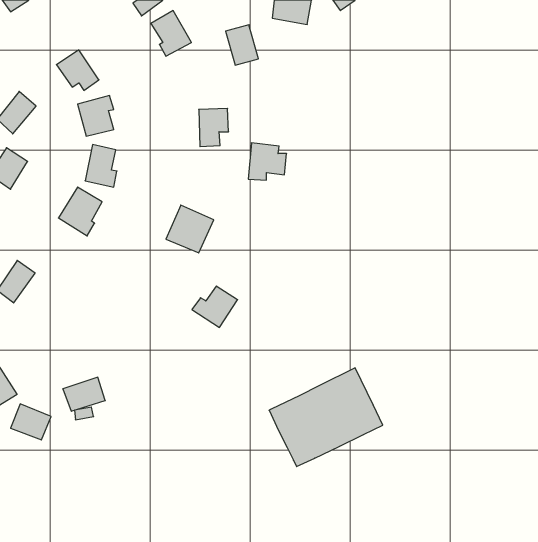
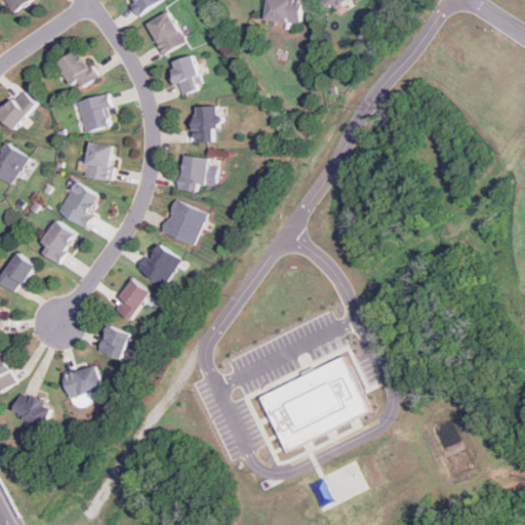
building: [226,25,258,65] -> [169,55,201,94]
building: [248,143,287,180] -> [178,155,215,191]
building: none -> [40,219,76,262]
building: [192,286,238,327] -> [135,245,179,285]
building: none -> [113,279,149,320]
building: none -> [97,325,129,359]

